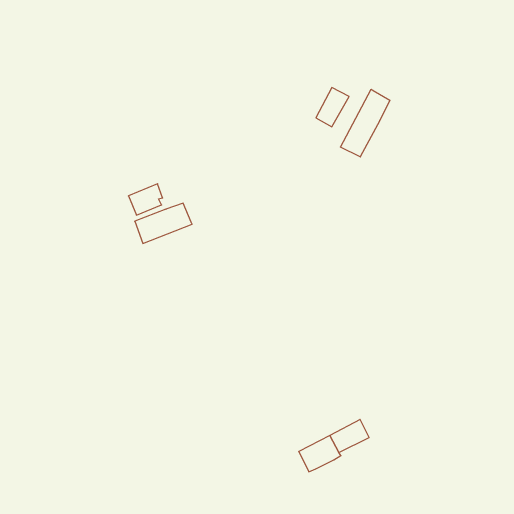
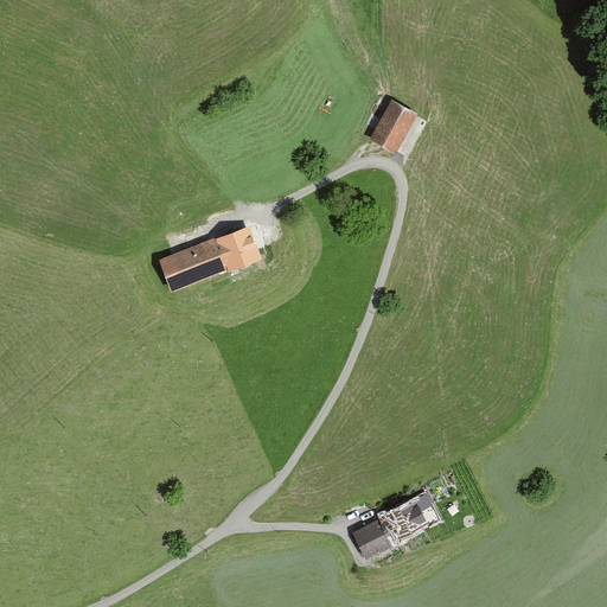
building: [340,89,390,157] -> none
building: [128,184,163,215] -> [216,225,256,262]

